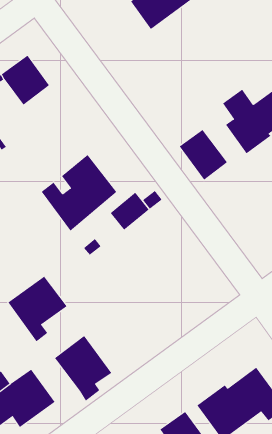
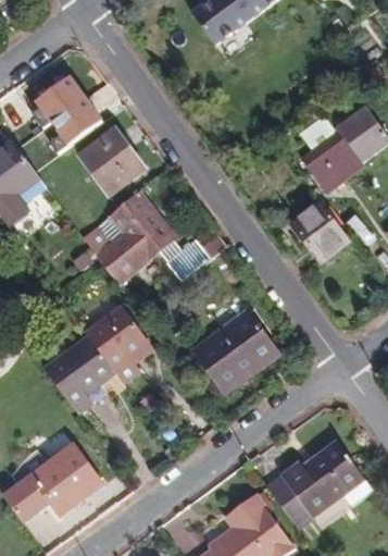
building: none -> [79,128,145,195]
building: [179,129,228,181] -> [290,200,348,261]
building: none -> [193,311,278,393]
building: [54,335,112,401] -> [86,305,154,383]

